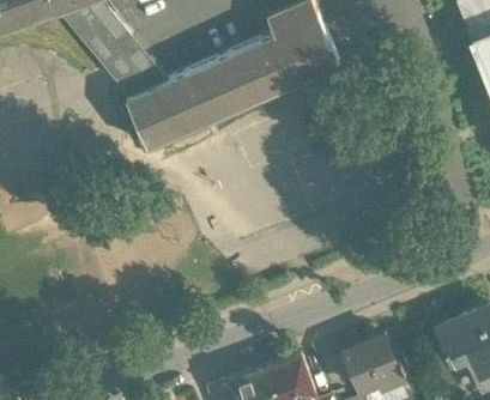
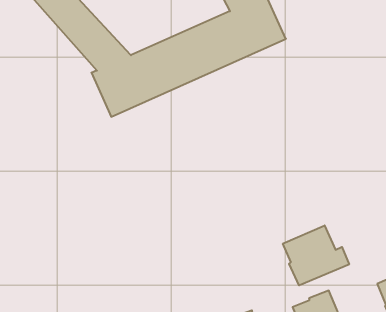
building: none -> [283,225,349,285]

